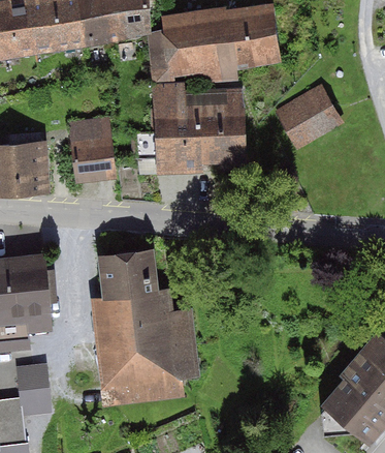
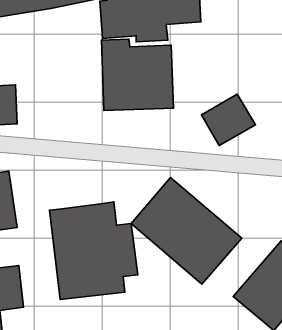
building: [279,86,346,150] -> [202,94,255,146]
building: [67,115,115,180] -> none
building: [95,244,155,294] -> none
building: none -> [131,178,242,284]

